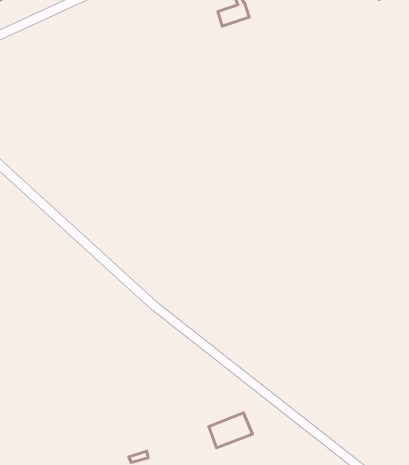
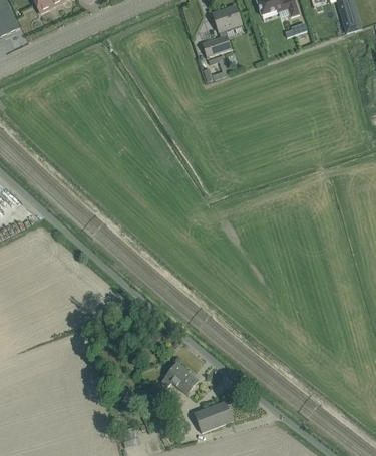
building: none -> [161,364,199,394]

